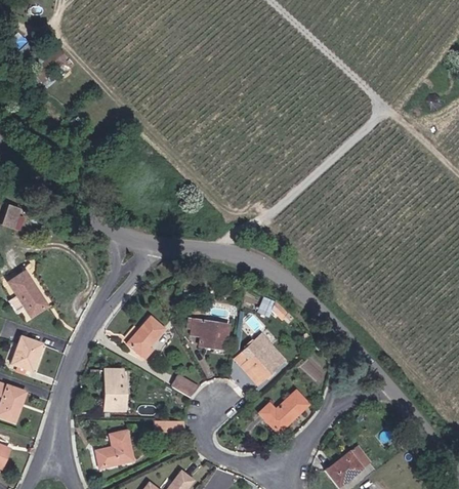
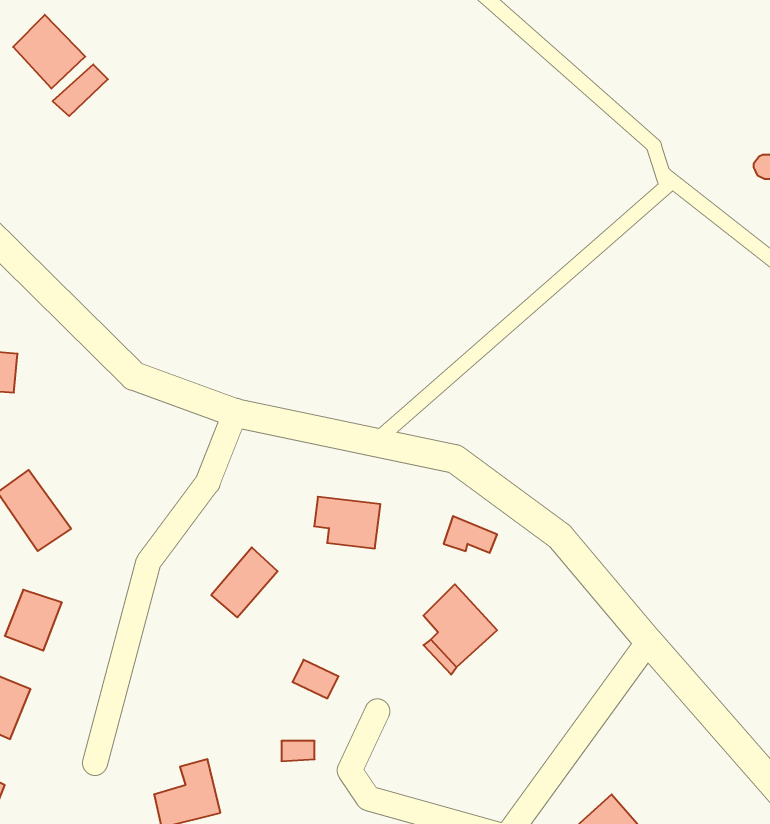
building: none -> [13,15,85,89]
building: [192,320,228,349] -> [314,497,380,548]
building: [94,370,127,410] -> none
building: [260,392,307,431] -> none

